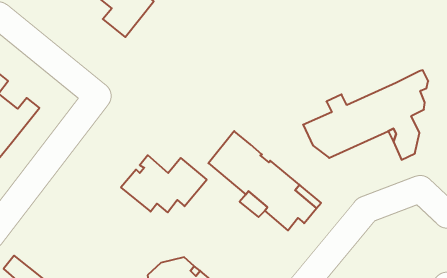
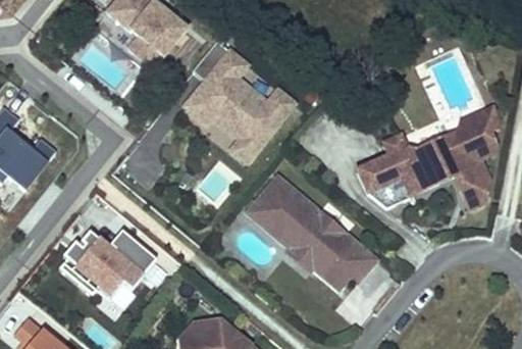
building: none -> [185,38,295,160]
building: [121,155,207,212] -> [59,231,157,296]

